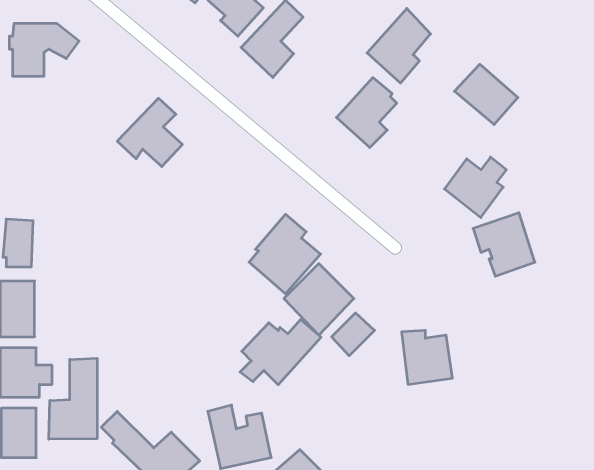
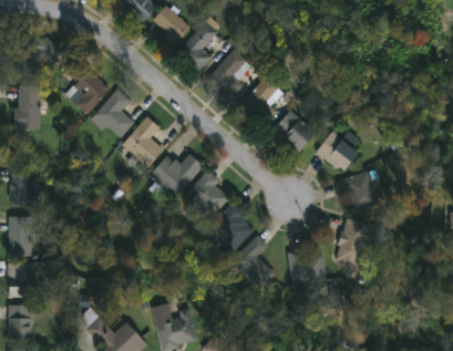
building: [367,8,431,83] -> [206,49,250,101]
building: none -> [61,60,111,115]
building: [454,64,518,125] -> [272,111,317,153]
building: none -> [13,85,40,130]
building: none -> [122,117,163,168]
building: none -> [336,217,371,269]
building: [240,320,321,385] -> [147,154,204,199]
building: [49,358,97,439] -> none

